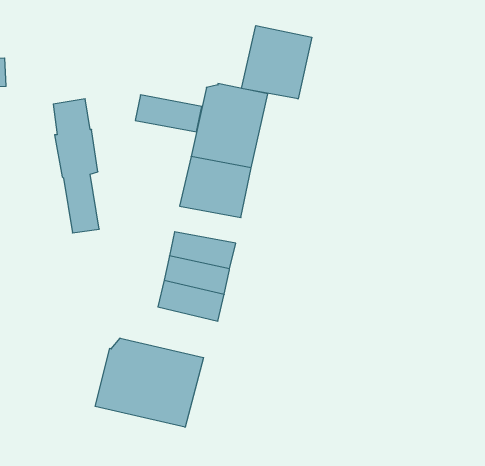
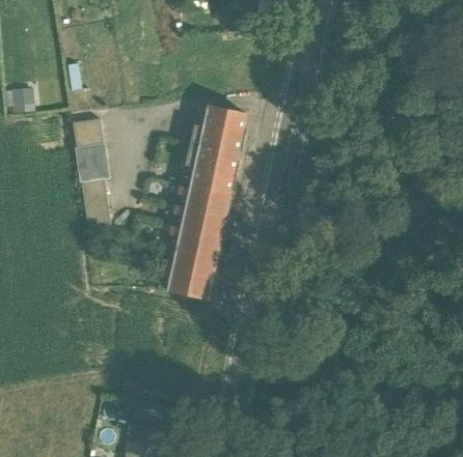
building: [242,26,312,99] -> none
building: [135,95,202,132] -> [172,205,226,235]
building: [95,338,204,427] -> none

